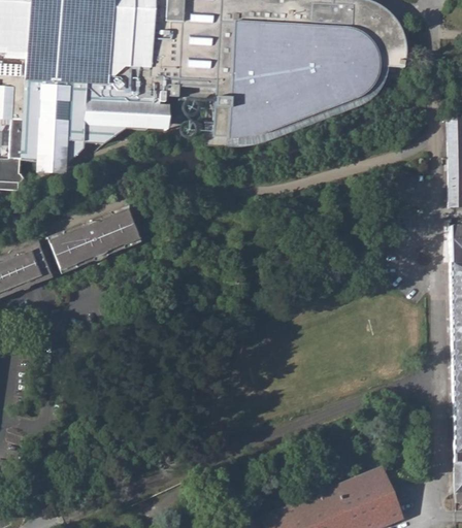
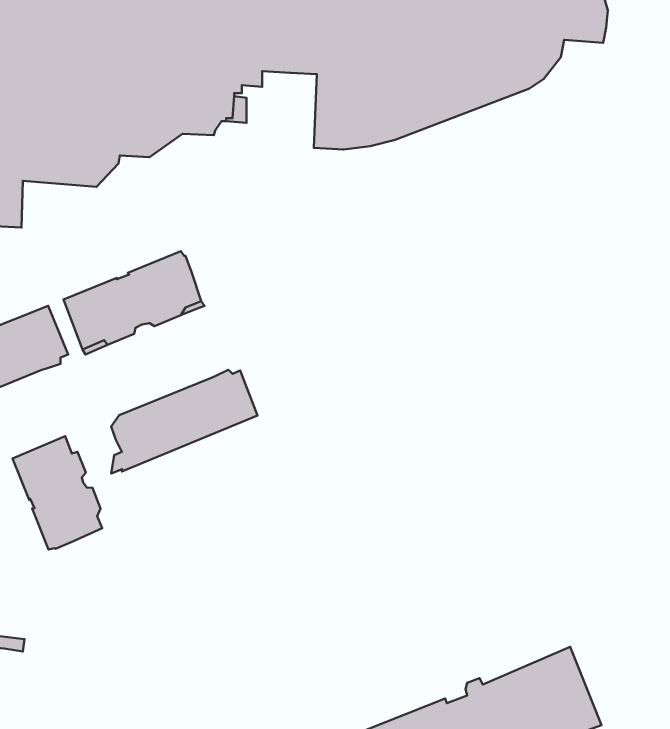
building: none -> [111,370,258,474]
building: none -> [13,436,102,550]

